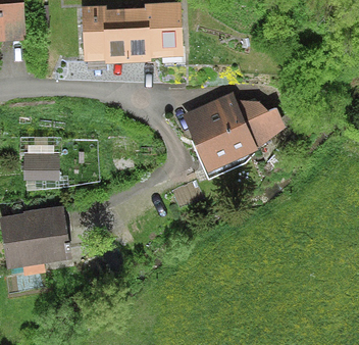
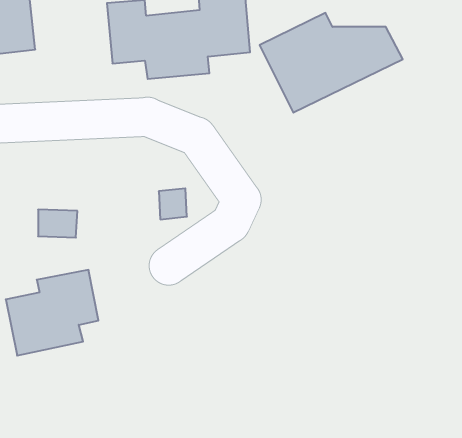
building: [182,94,286,166] -> [260,13,403,113]

